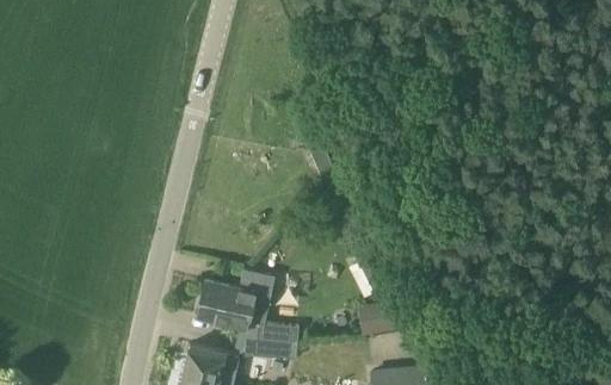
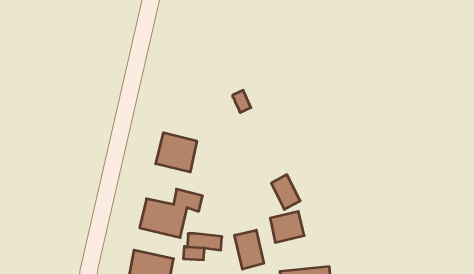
building: none -> [156,133,197,172]
building: none -> [235,230,264,269]

